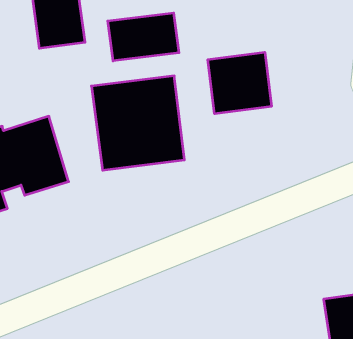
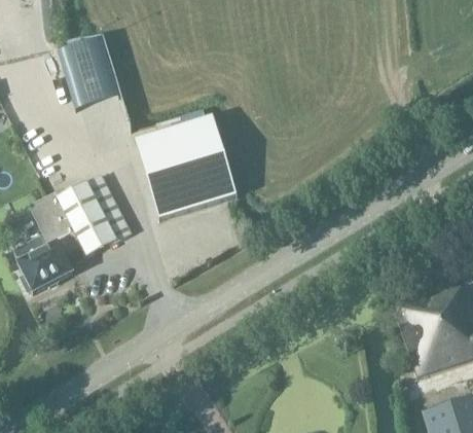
building: [108,13,179,61] -> none
building: [208,52,271,114] -> none

